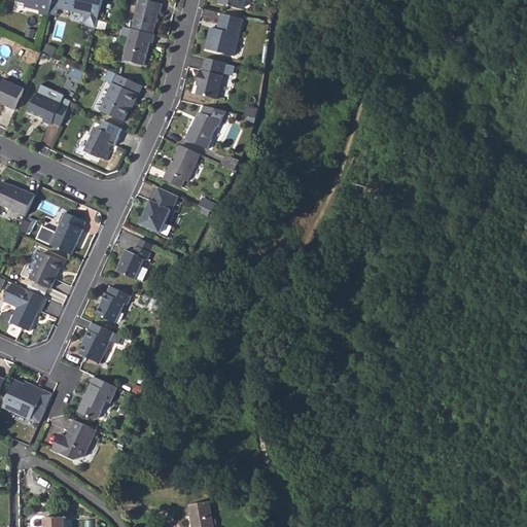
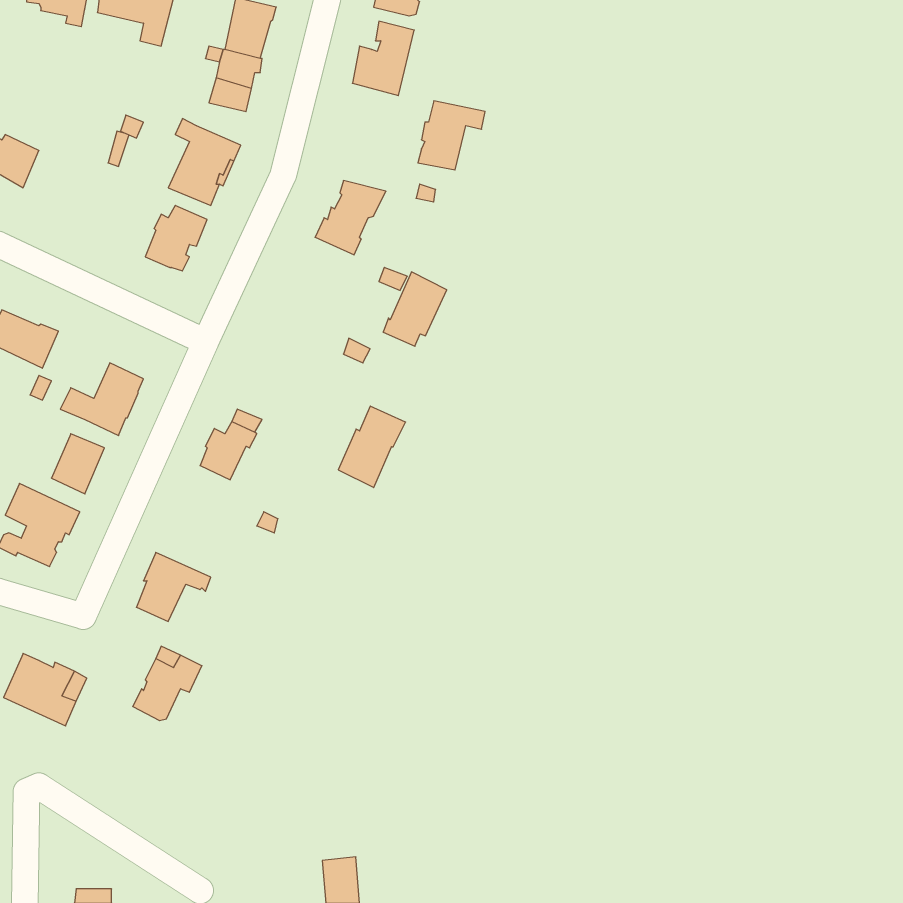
building: [195,58,234,98] -> [418,101,485,170]
building: [27,91,67,125] -> none
building: [163,144,200,187] -> [383,272,447,346]
building: [138,185,177,233] -> [338,406,406,488]
building: [95,285,130,322] -> none
building: [51,419,95,458] -> none

